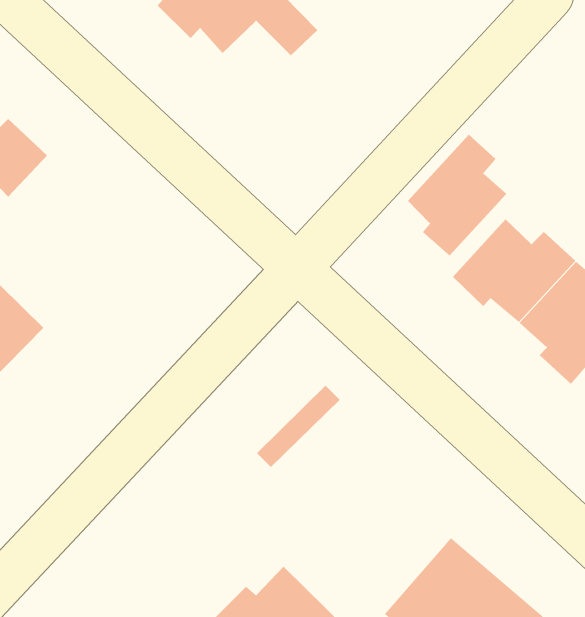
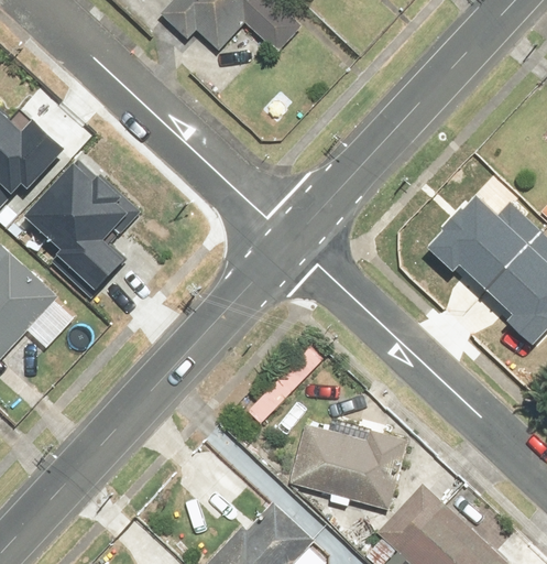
building: [407,134,507,256] -> none
building: none -> [28,160,128,283]
building: none -> [291,420,411,507]

